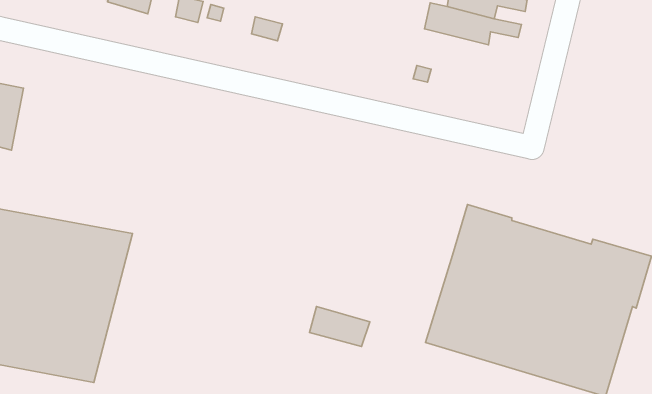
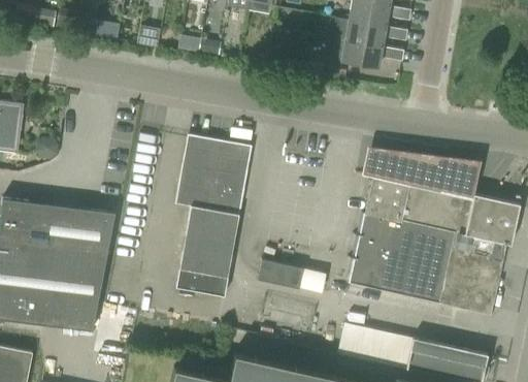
building: none -> [328,39,403,69]
building: none -> [176,138,251,296]
building: none -> [363,144,484,198]

